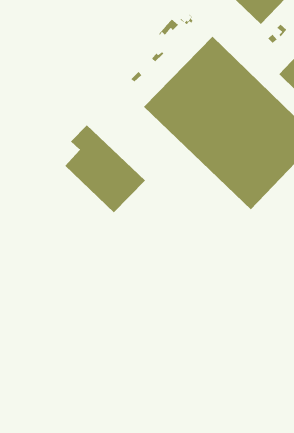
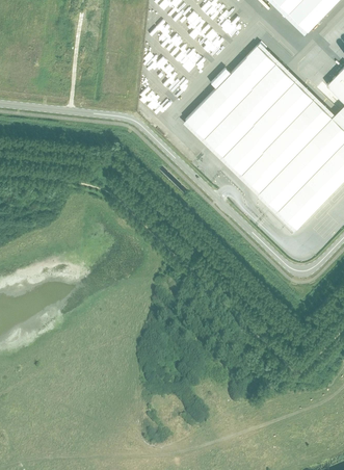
building: [65,125,146,213] -> none

